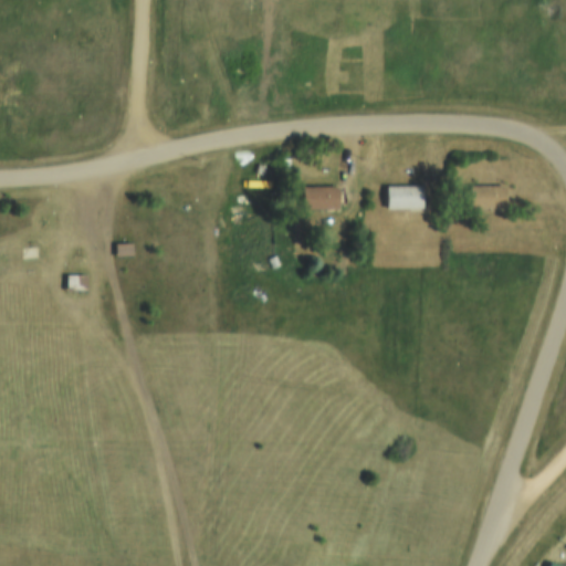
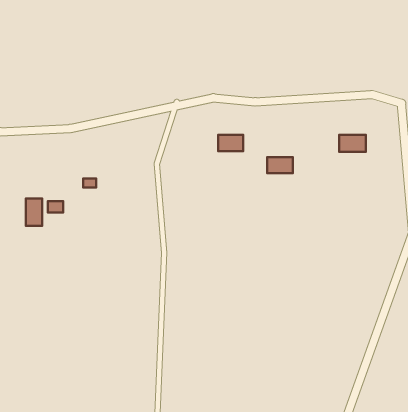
building: [389,186,424,208] -> [267,157,293,173]
building: none -> [26,198,42,226]

